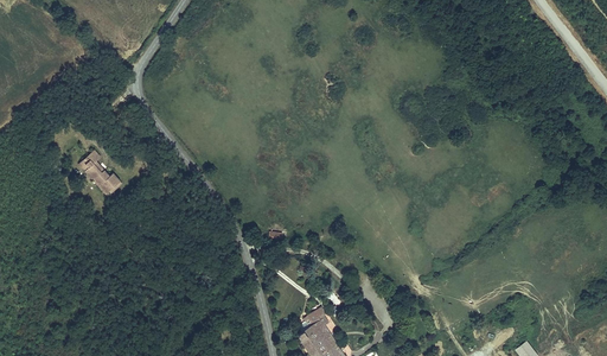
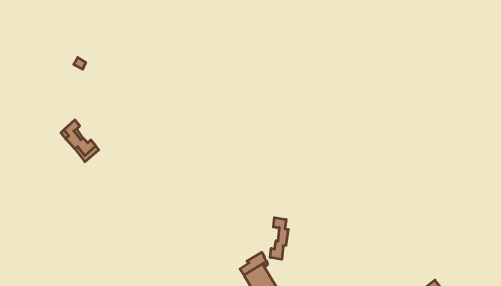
building: none -> [270,218,288,259]

